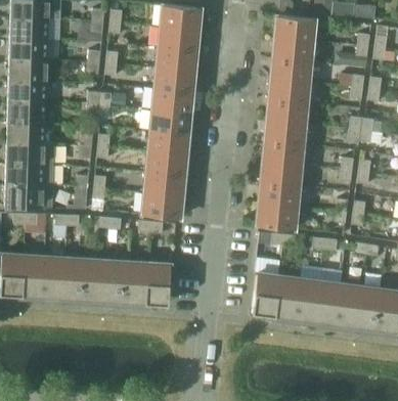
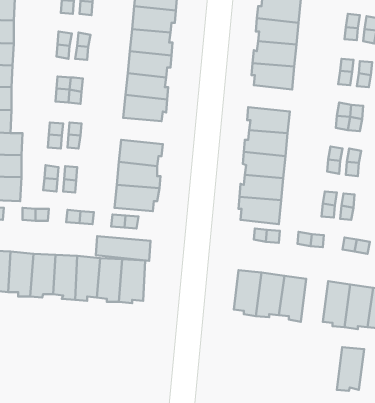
building: [266,101,307,126] -> none
building: [147,132,188,157] -> none
building: none -> [96,236,151,261]
building: [315,282,341,323] -> [337,347,364,391]

